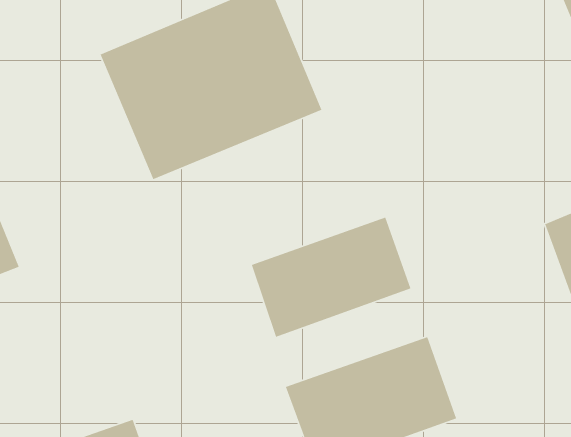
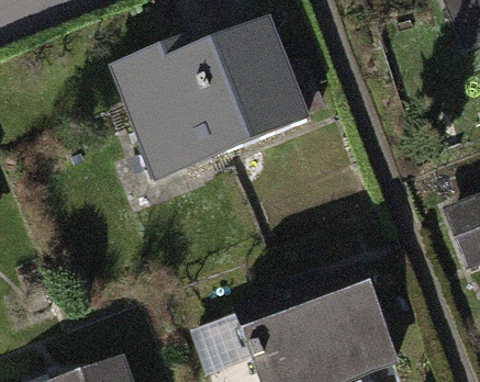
building: [251,216,411,338] -> none

